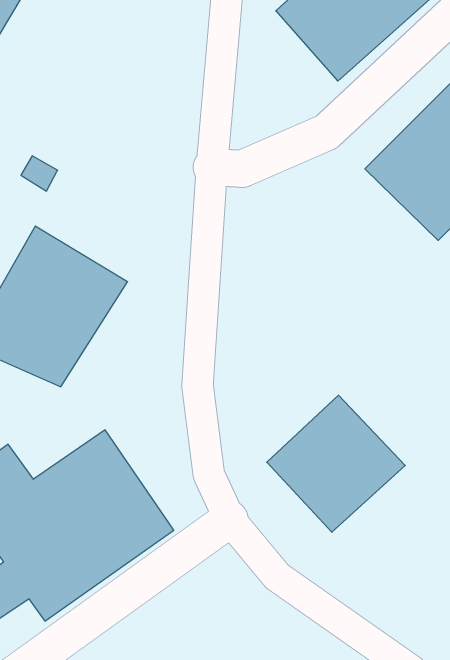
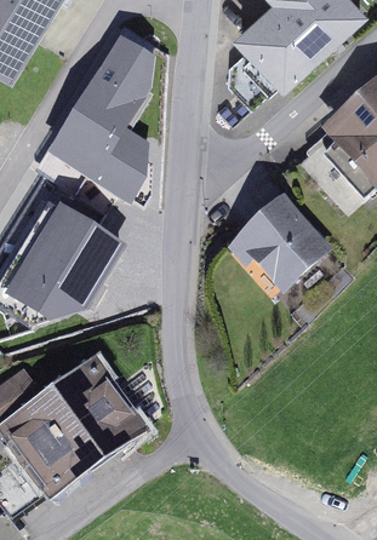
building: none -> [56,47,154,191]
building: [267,395,405,532] -> [228,197,333,301]

